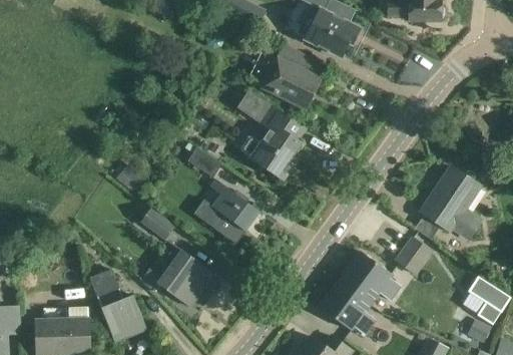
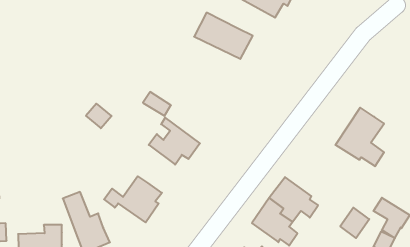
building: [236,89,310,179] -> none
building: [140,208,174,239] -> none
building: [396,237,431,274] -> [340,208,369,238]

